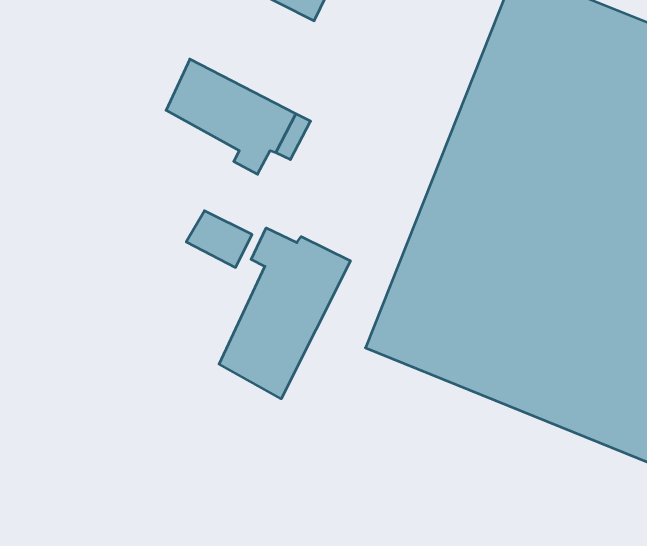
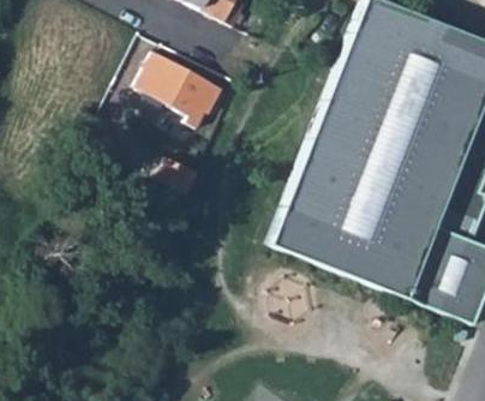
building: [219,228,350,399] -> none

